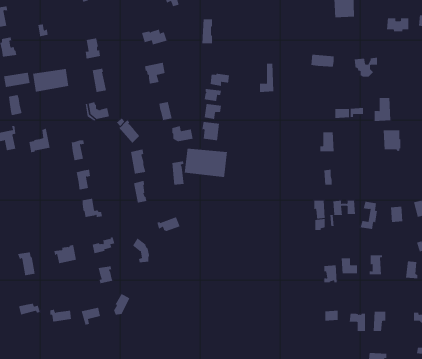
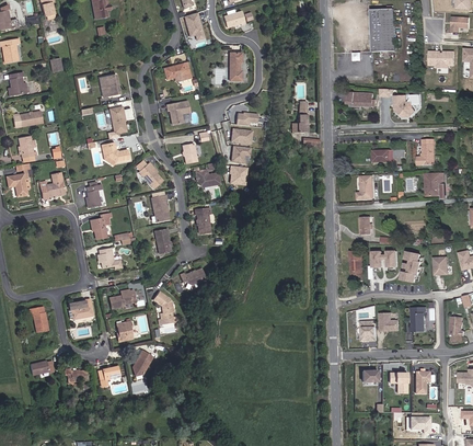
building: [32,68,69,93] -> none
building: [184,148,228,178] -> none

